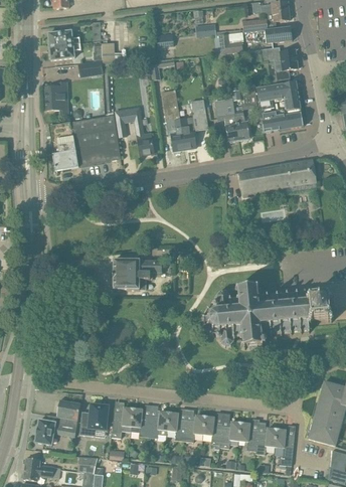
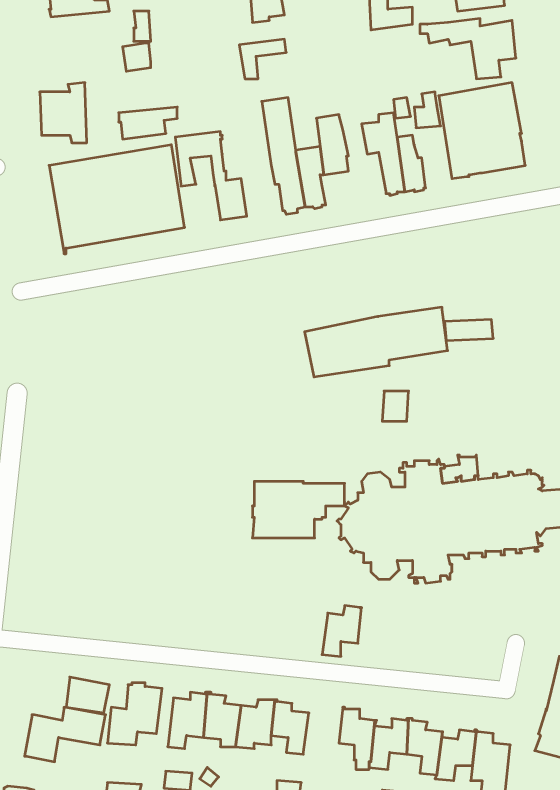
building: [49,43,80,60] -> [119,107,177,139]
building: [239,159,316,196] -> [305,307,448,377]
building: [113,260,162,290] -> [252,481,345,538]
building: [184,415,205,442] -> [322,606,362,656]

